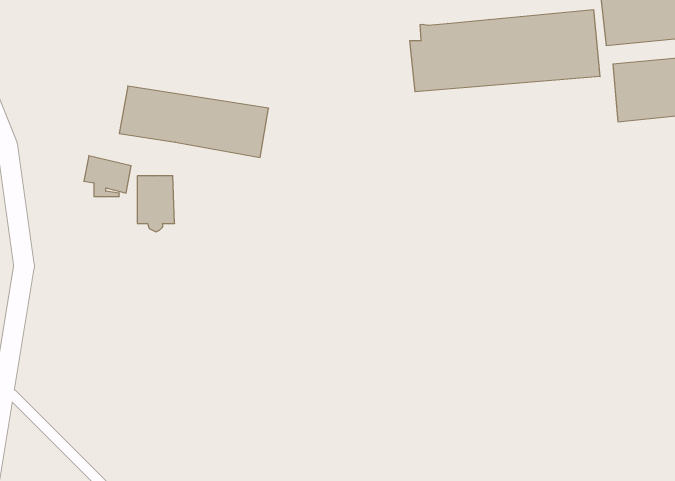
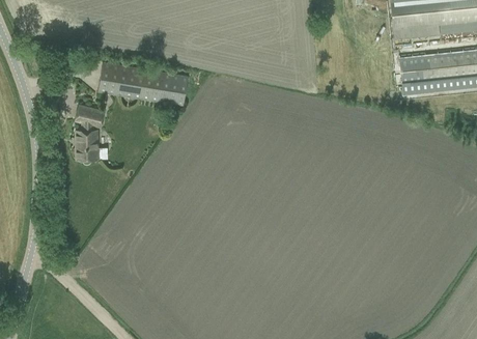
building: [410,10,600,92] -> none
building: [137,176,175,232] -> [75,131,97,165]

